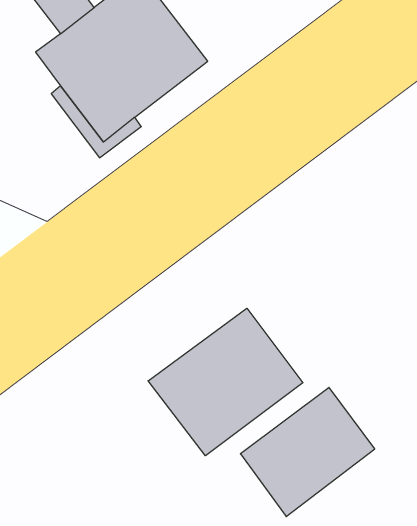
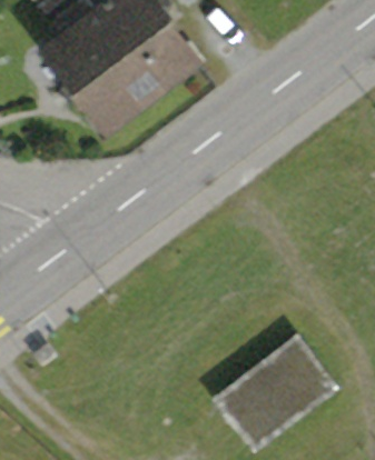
building: [148,308,303,456] -> none

